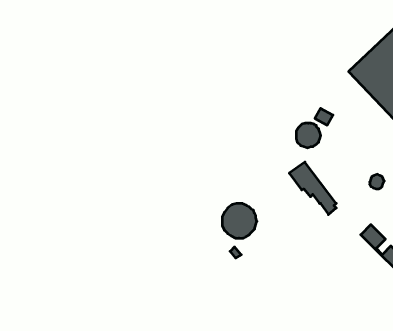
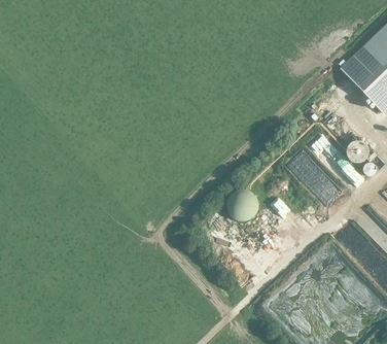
building: [296,123,321,148] -> [346,141,368,164]

